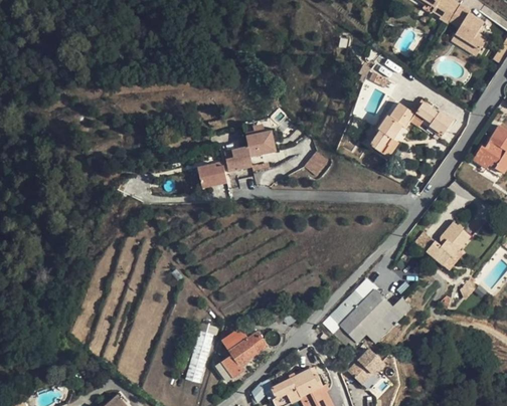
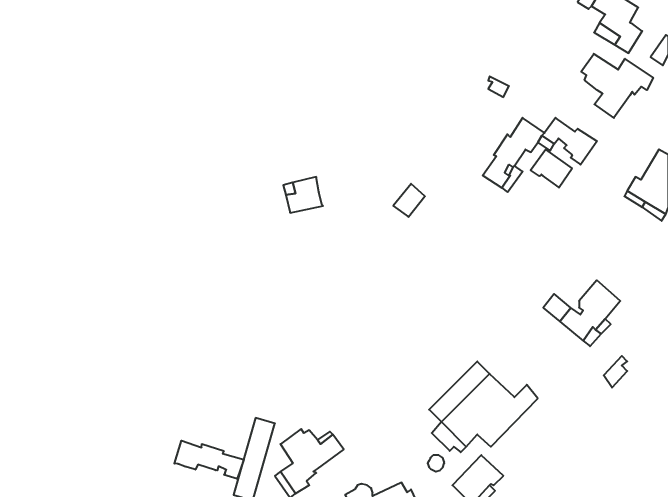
building: none -> [581,54,653,118]
building: none -> [531,150,572,188]
building: [245,131,276,157] -> none
building: [197,164,226,188] -> none
building: none -> [174,441,244,479]

